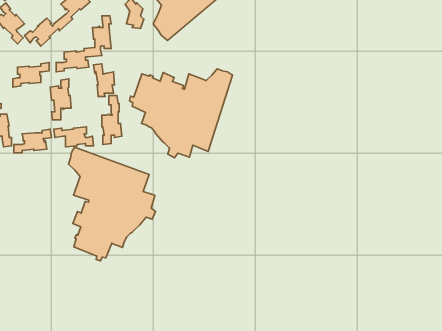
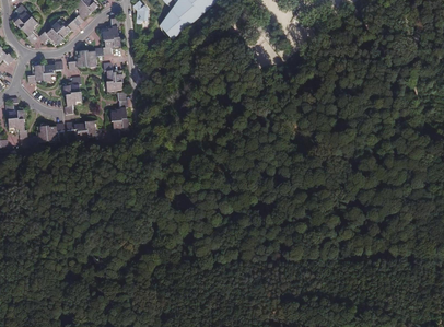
building: [129,69,233,158] -> none
building: [68,147,156,261] -> none

